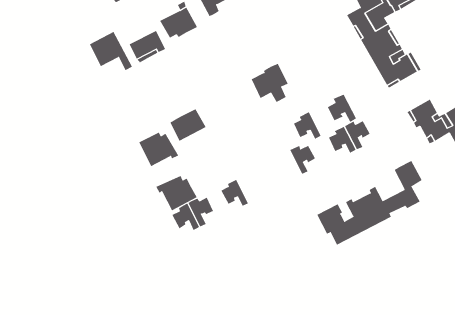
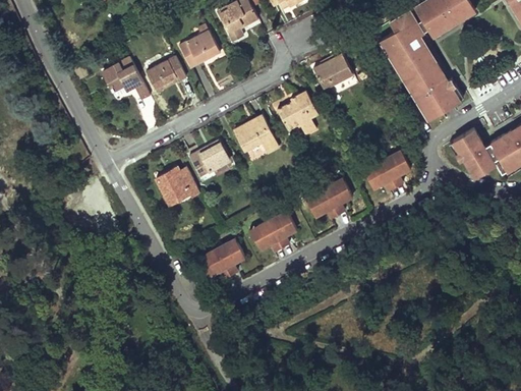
building: none -> [313,54,353,90]
building: none -> [235,117,279,154]
building: [327,94,357,123] -> none
building: [293,111,321,140] -> [302,186,333,217]
building: [316,160,423,245] -> none
building: none -> [263,212,291,244]
building: [156,175,197,211] -> none

